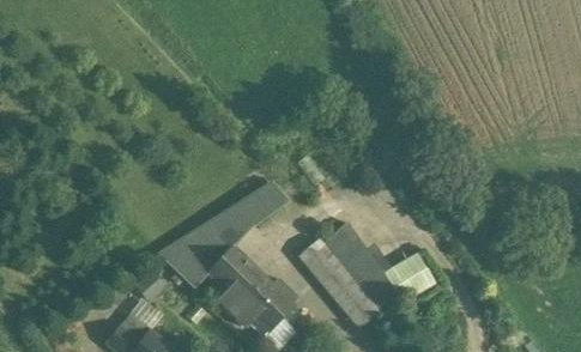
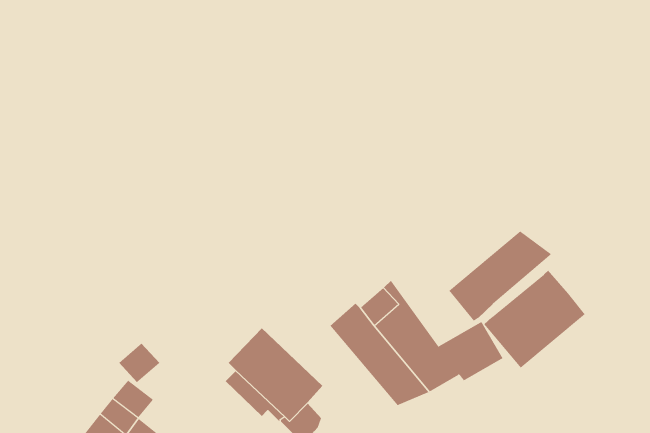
building: [158,181,286,287] -> none
building: none -> [448,230,552,322]
building: none -> [484,270,586,369]

